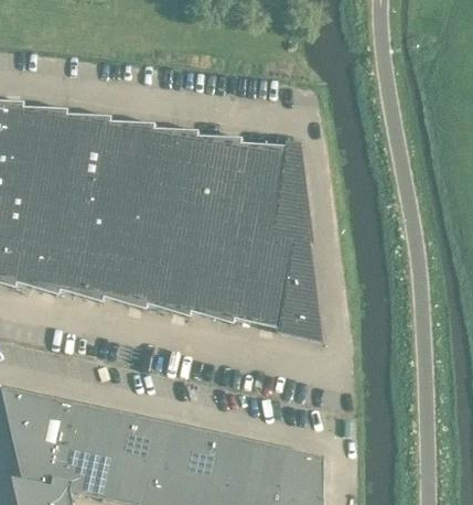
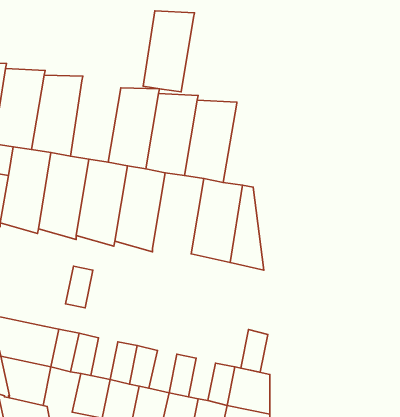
building: [94,120,152,213] -> [143,11,195,92]
building: [268,146,307,243] -> none
building: [187,225,246,323] -> none
building: [117,413,148,461] -> [66,266,93,308]
building: [183,428,215,476] -> none
building: [228,437,259,485] -> [241,330,268,372]
building: [63,447,106,498] -> none

